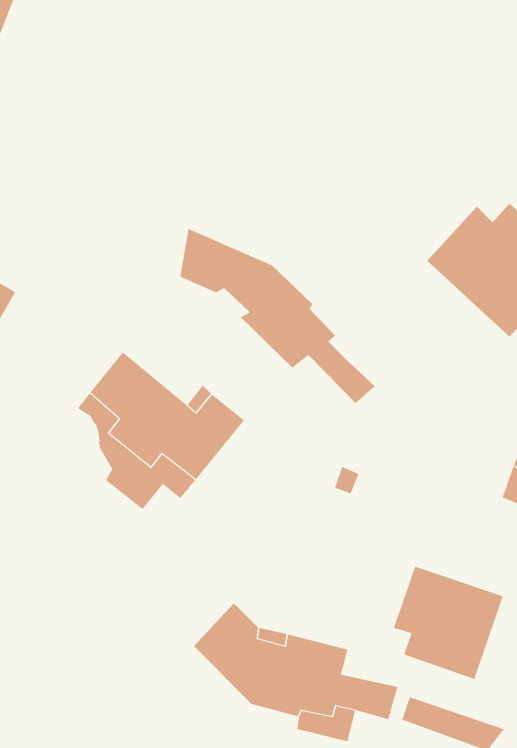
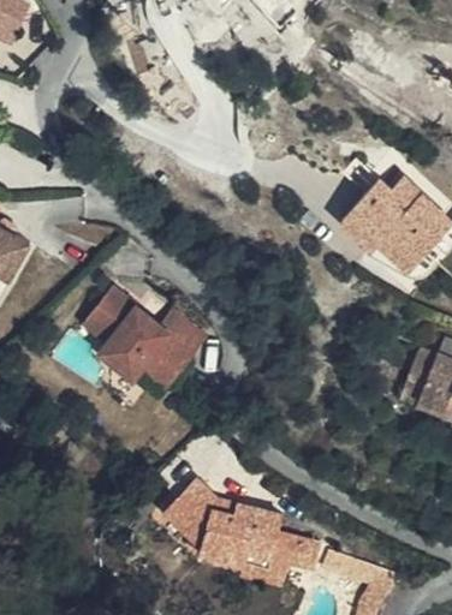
building: [180,228,375,404] -> none
building: [393,566,503,680] -> none

